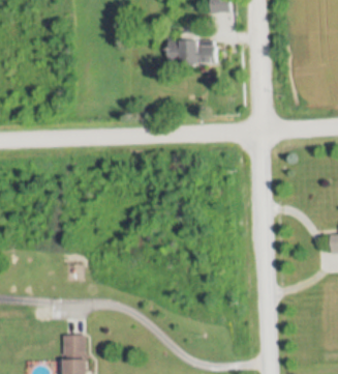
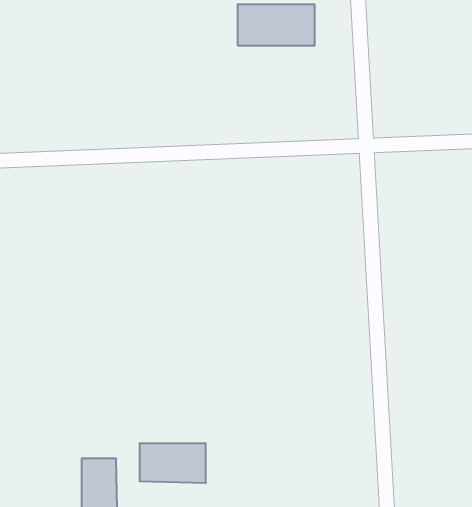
building: none -> [140,443,206,483]

